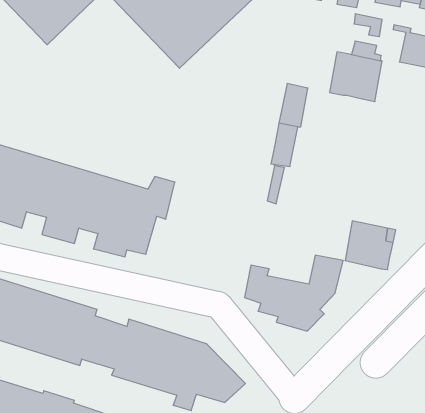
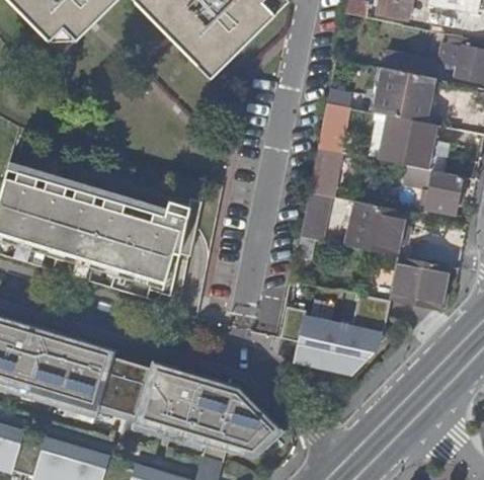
building: none -> [382,112,435,165]
building: none -> [424,168,461,211]
building: none -> [344,197,406,253]

